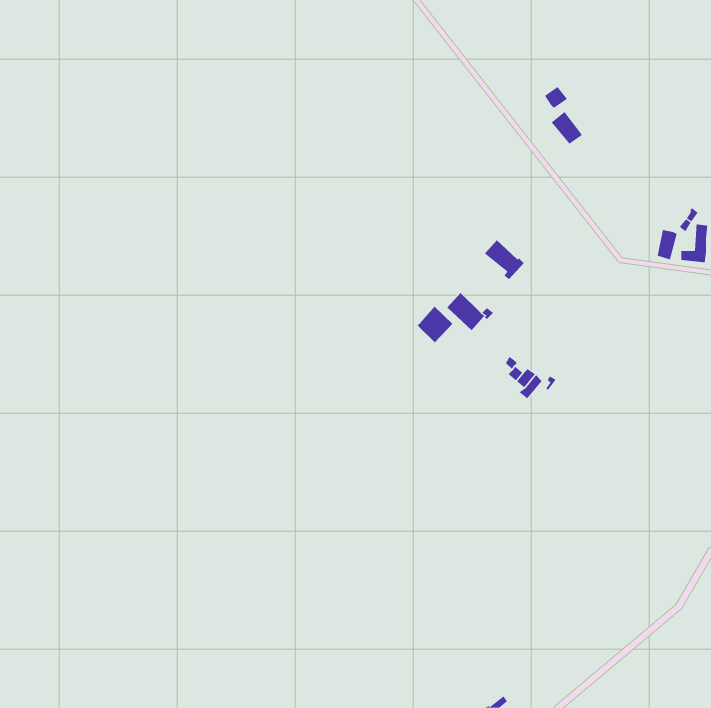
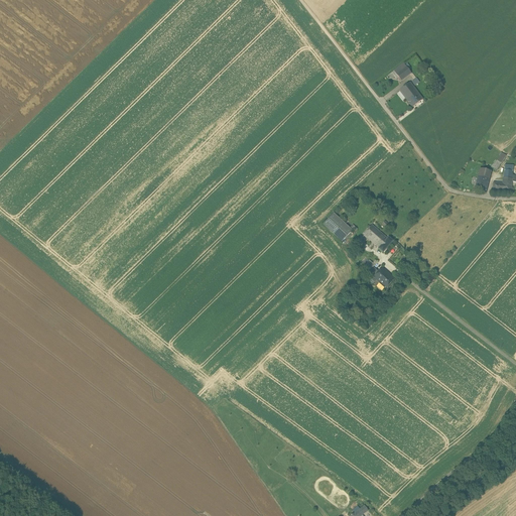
building: [484,239,525,280] -> [363,223,392,252]
building: [416,306,453,343] -> none

